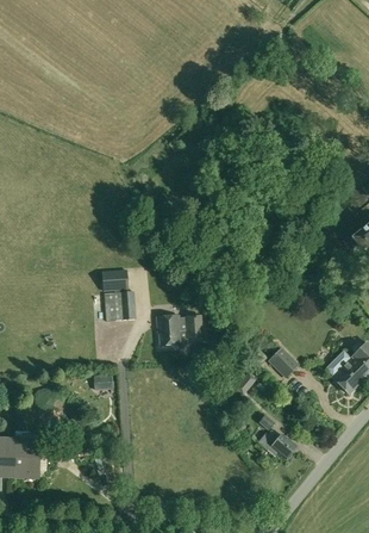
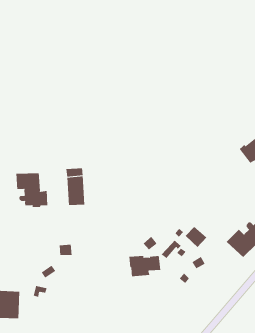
building: none -> [16,172,48,208]
building: [157,315,202,345] -> [129,255,161,277]
building: [258,432,295,457] -> none

